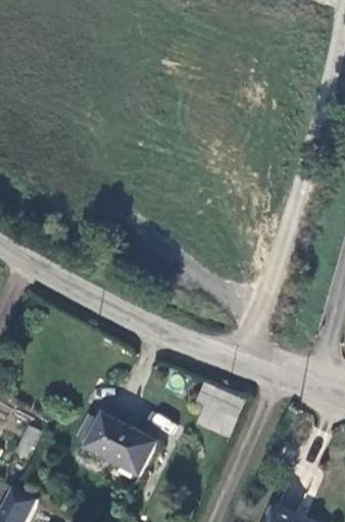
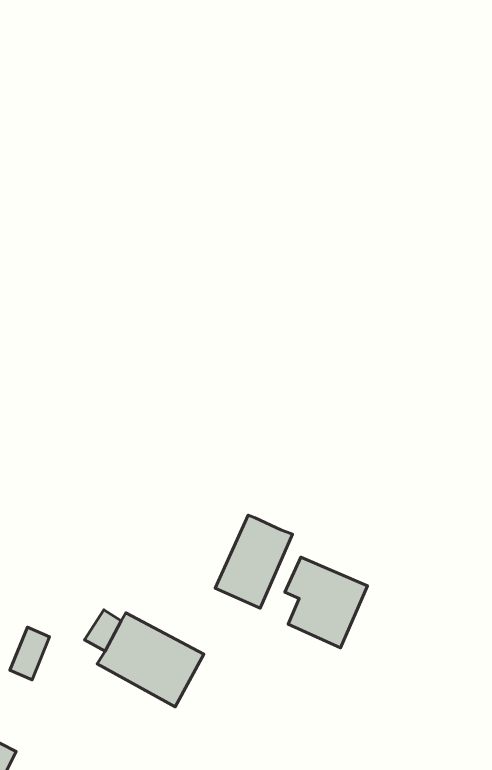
building: none -> [215,515,293,608]

